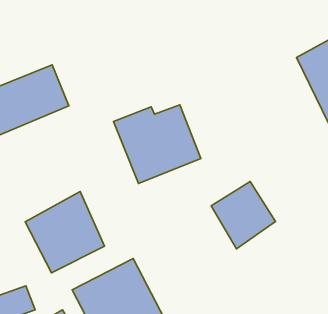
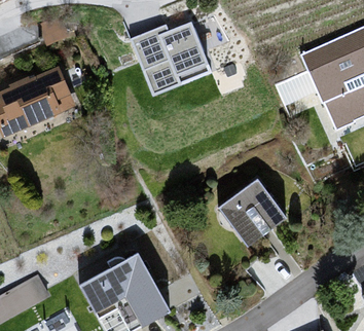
building: [113,105,201,184] -> [130,22,215,99]
building: [25,192,105,273] -> none

